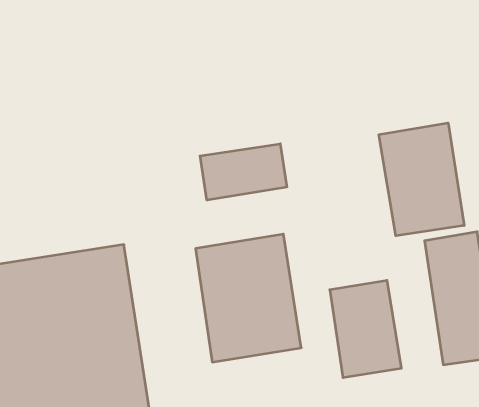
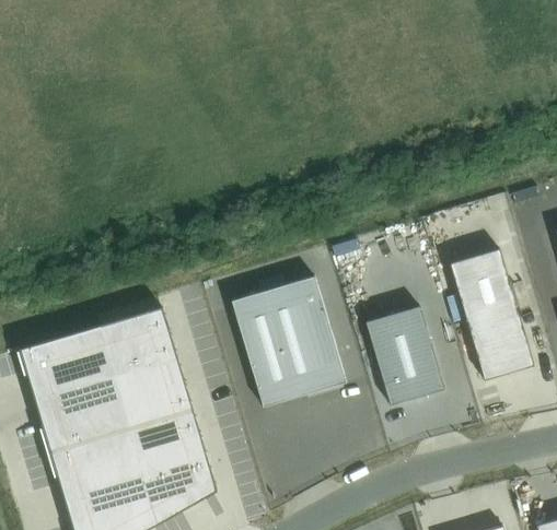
building: [379,123,464,236] -> none
building: [200,144,287,200] -> none

